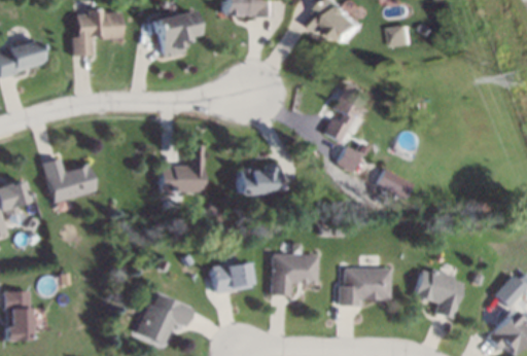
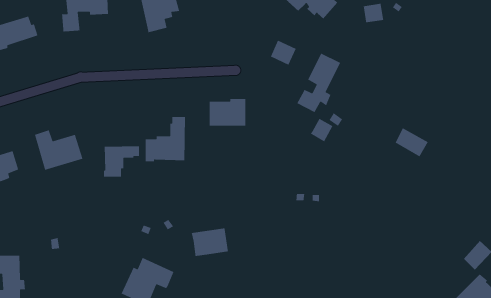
building: none -> [270,40,297,66]
building: [238,165,277,194] -> [209,98,246,126]
building: [377,169,413,201] -> [395,127,429,157]
building: none -> [103,146,140,178]
building: [270,254,316,296] -> none
building: [338,269,390,306] -> none
building: [414,269,463,319] -> none

